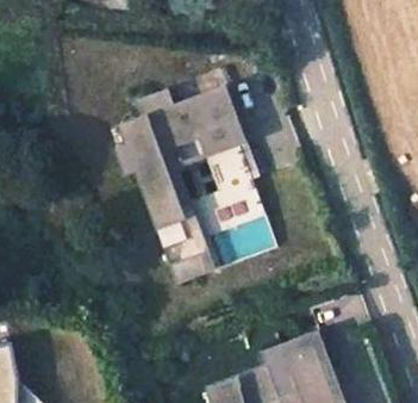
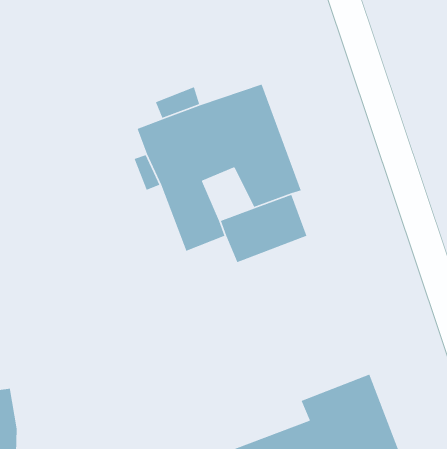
building: [161,213,219,283] -> none

